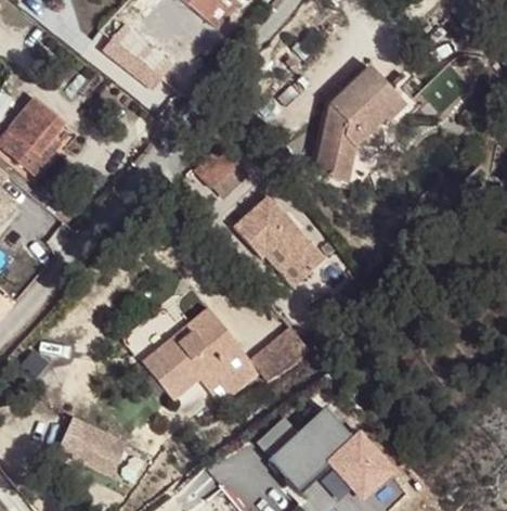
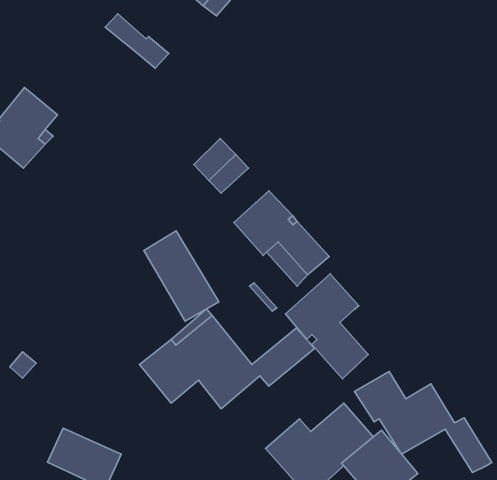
building: [314,66,403,180] -> none
building: none -> [144,231,219,321]
building: none -> [285,274,368,379]
building: none -> [354,372,492,473]

